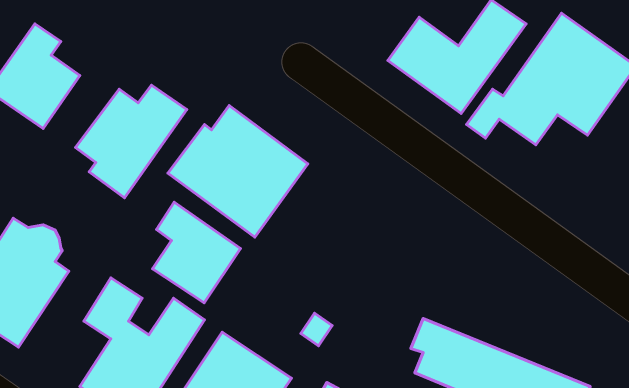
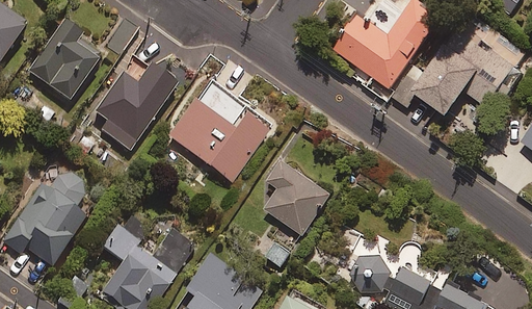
building: [152,202,241,303] -> [264,157,331,234]

